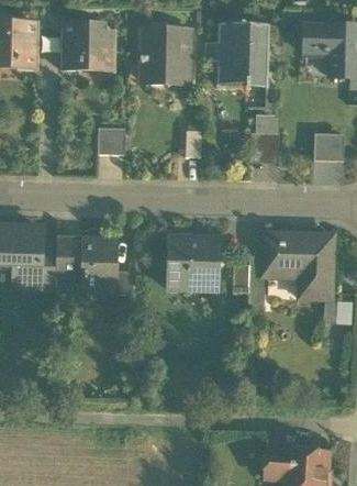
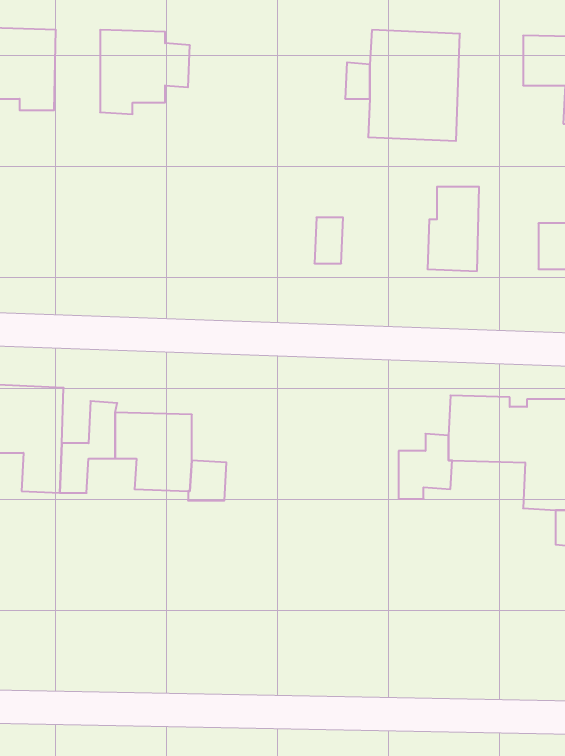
building: [138,30,191,86] -> none
building: [98,128,125,155] -> none
building: [163,238,224,290] -> none

